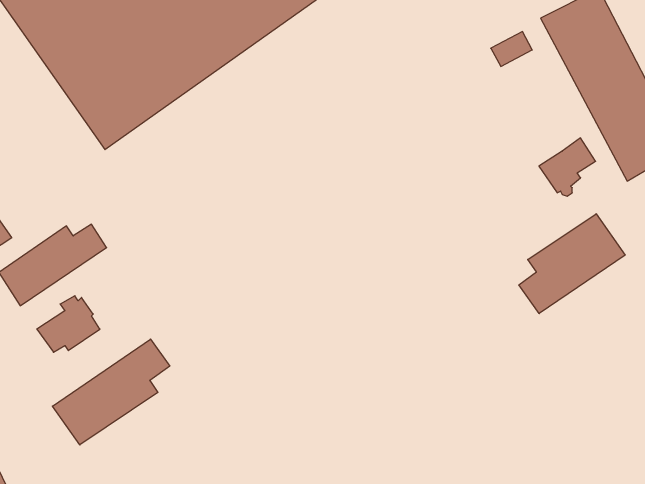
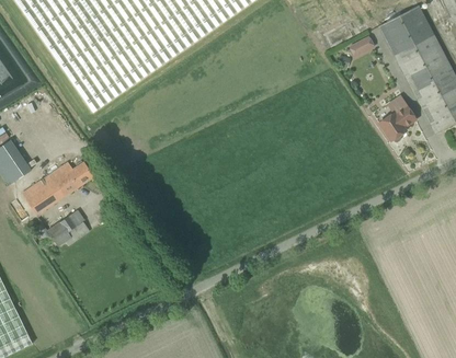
building: [519,214,625,314] -> none
building: [52,339,170,445] -> none

